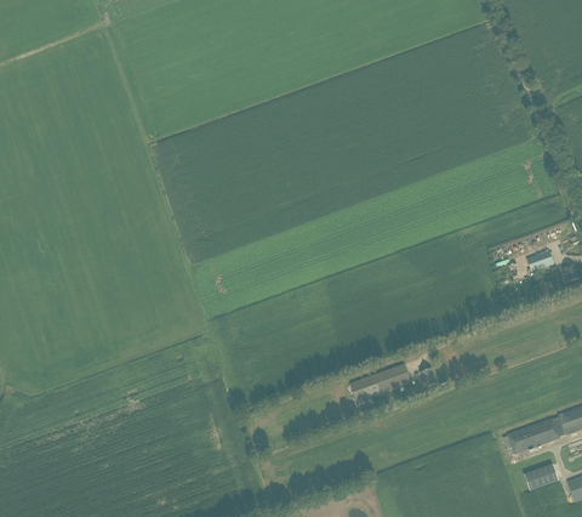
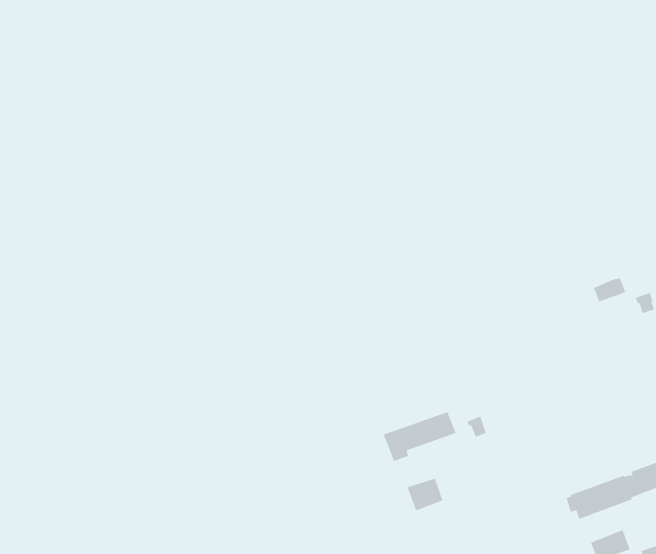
building: none -> [407,478,443,511]

